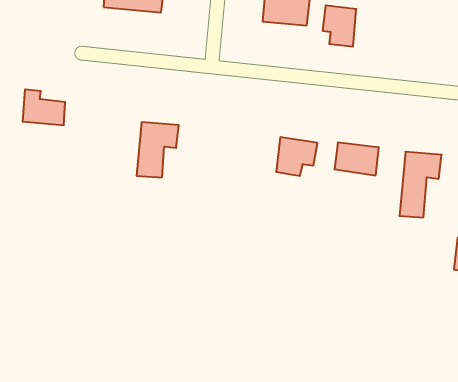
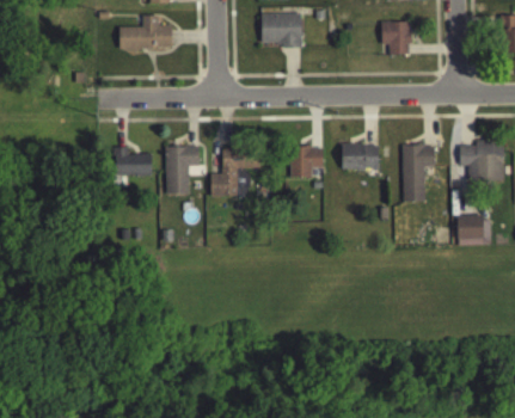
building: [323,5,356,47] -> [382,21,411,55]
building: [23,89,65,125] -> [115,147,153,176]
building: none -> [210,149,262,196]

